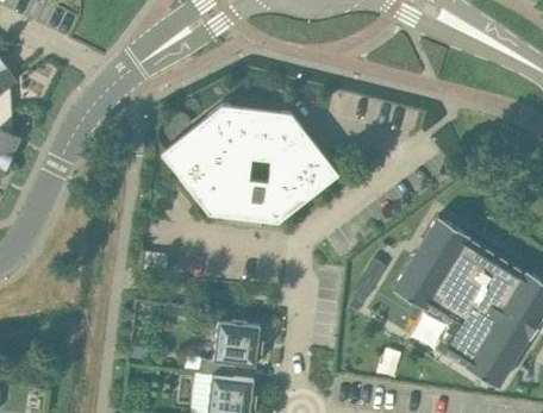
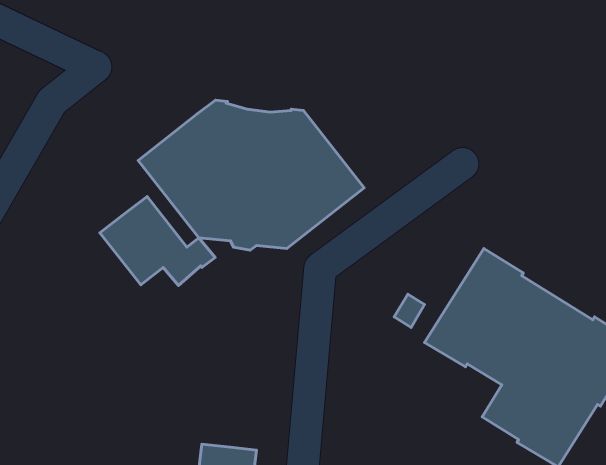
building: none -> [100,196,215,286]
building: [201,320,261,377] -> none

